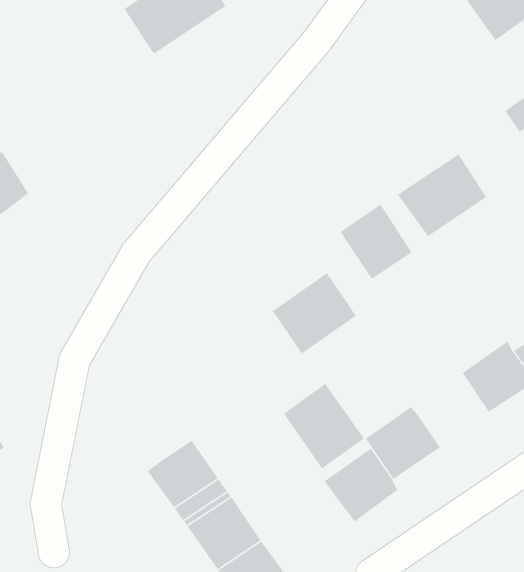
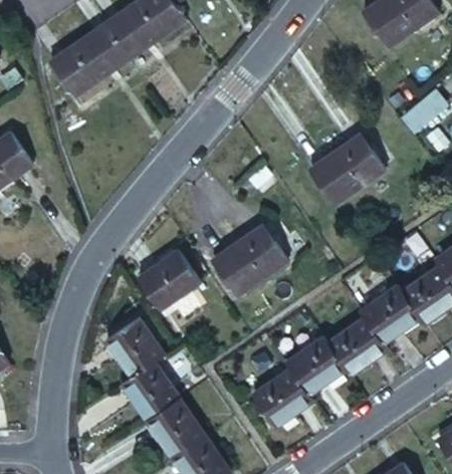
building: none -> [46,25,125,96]
building: [340,203,412,280] -> none
building: none -> [144,255,195,307]
building: none -> [330,315,392,375]
building: [283,383,365,469] -> none
building: none -> [104,317,164,377]

